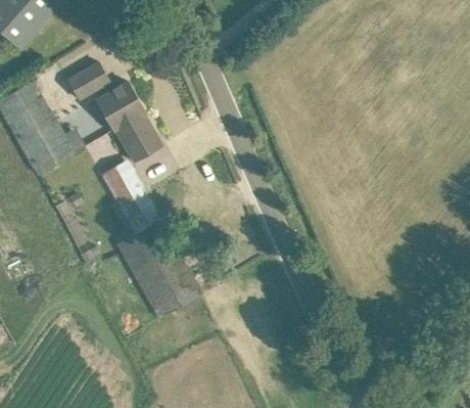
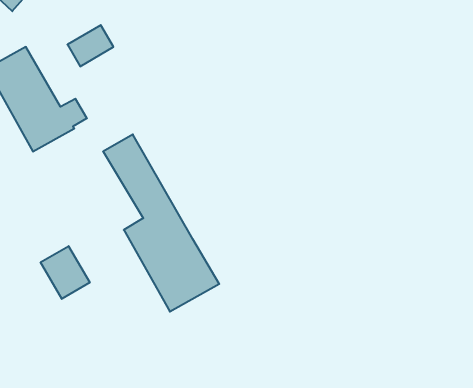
building: [95,80,161,161] -> none
building: none -> [41,246,90,299]

